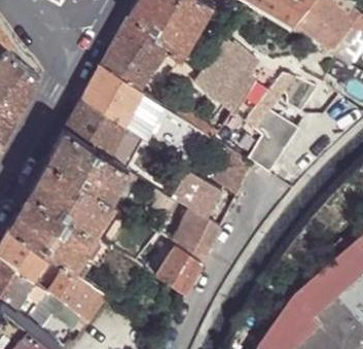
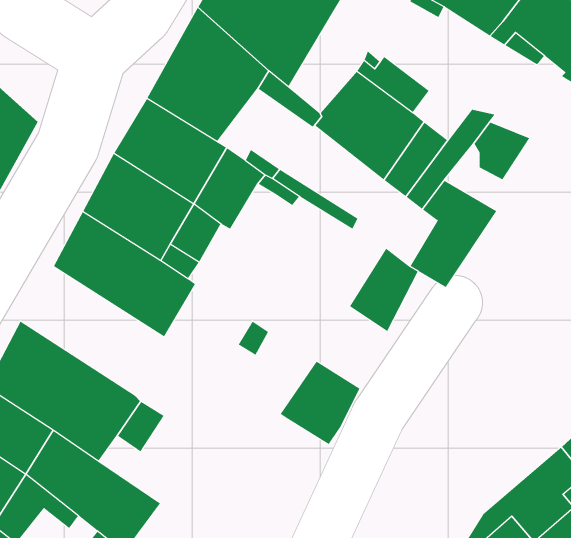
building: [29,161,114,234] -> none
building: [173,171,220,216] -> none
building: [155,246,203,294] -> none

